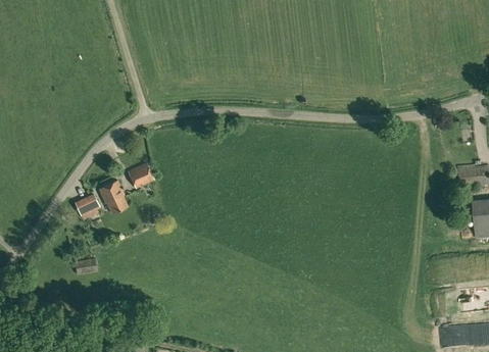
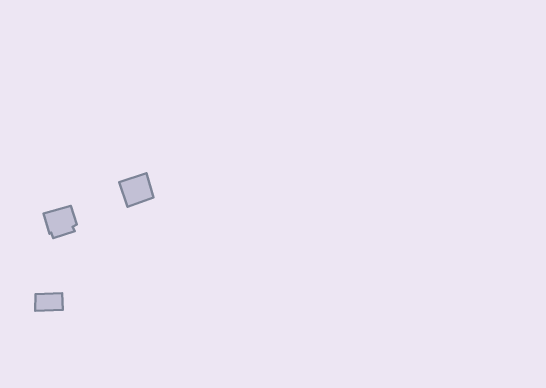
building: [99,182,127,212] -> none

